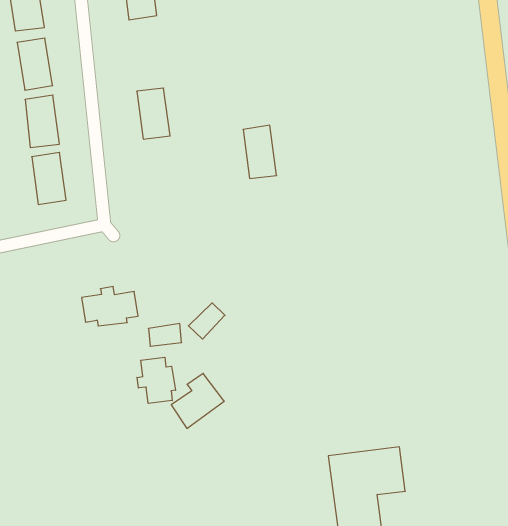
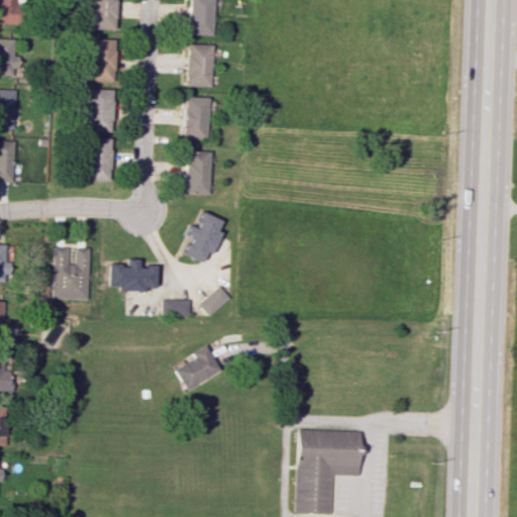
building: none -> [187,44,213,87]
building: [243,125,277,178] -> [187,151,211,195]
building: none -> [185,212,223,263]
building: none -> [55,247,91,300]
building: [137,357,176,403] -> none

